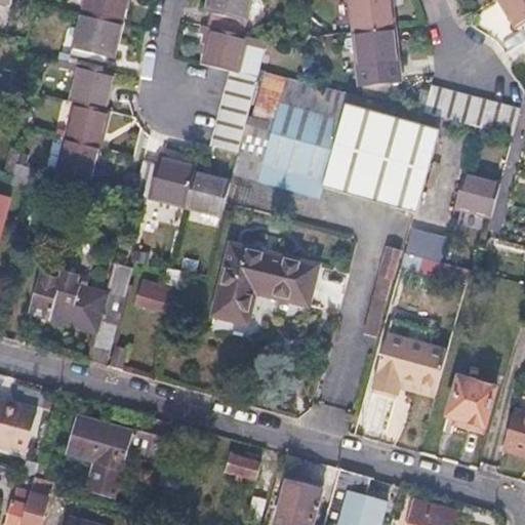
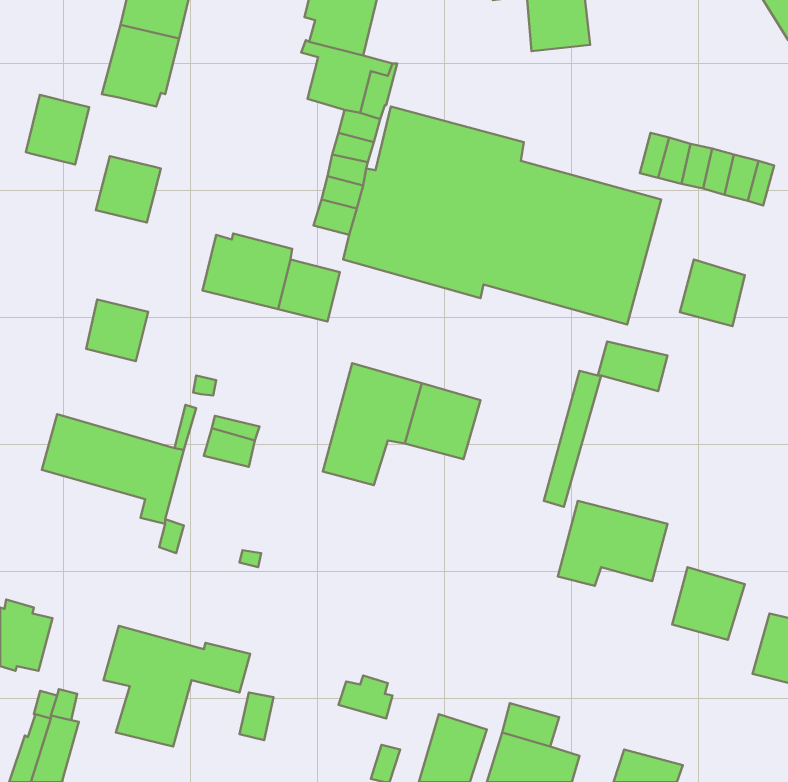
building: [354,30,398,88] -> none
building: [71,65,113,111] -> [26,95,89,164]
building: [57,139,98,180] -> [86,299,148,361]

